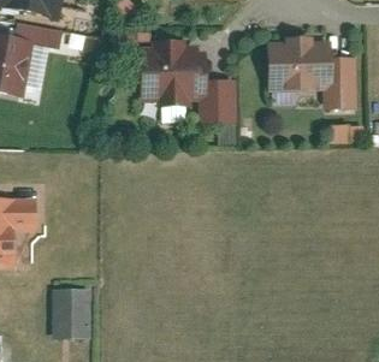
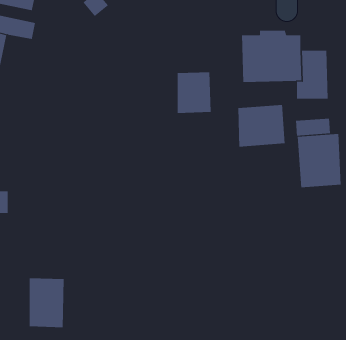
building: [141,42,203,99] -> none
building: none -> [238,104,285,147]
building: none -> [297,133,341,188]

